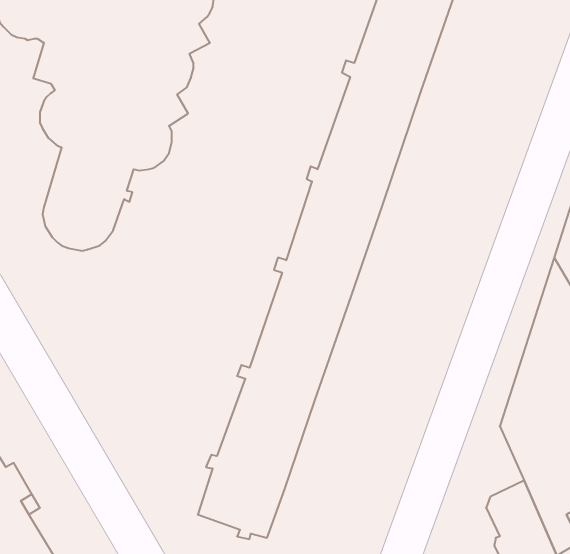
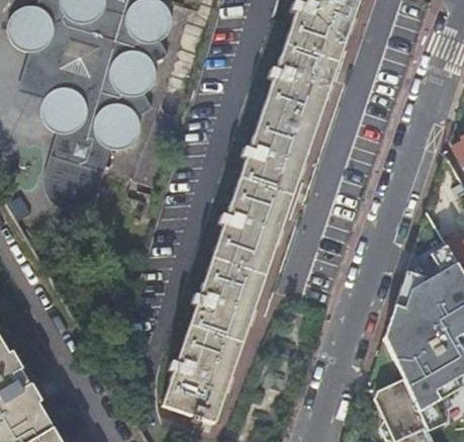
building: none -> [21,51,56,97]

